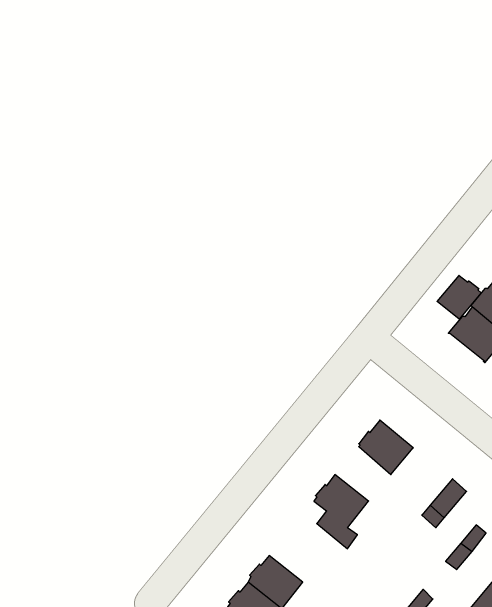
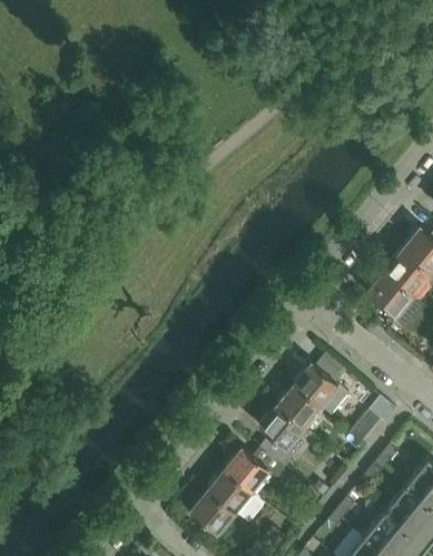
building: [437,275,481,319] -> none
building: none -> [277,383,322,427]
building: none -> [225,445,287,491]

